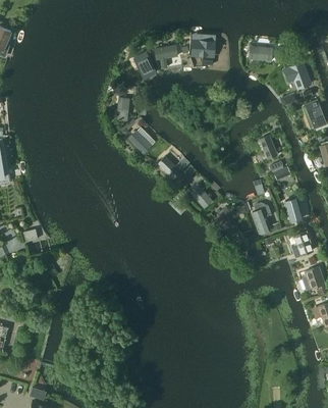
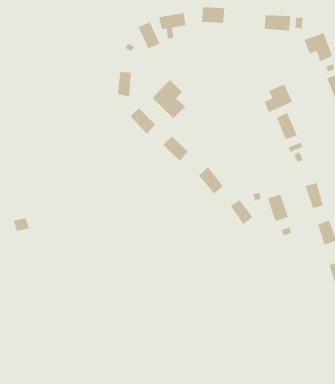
building: none -> [151,79,186,119]
building: none -> [264,84,293,113]

